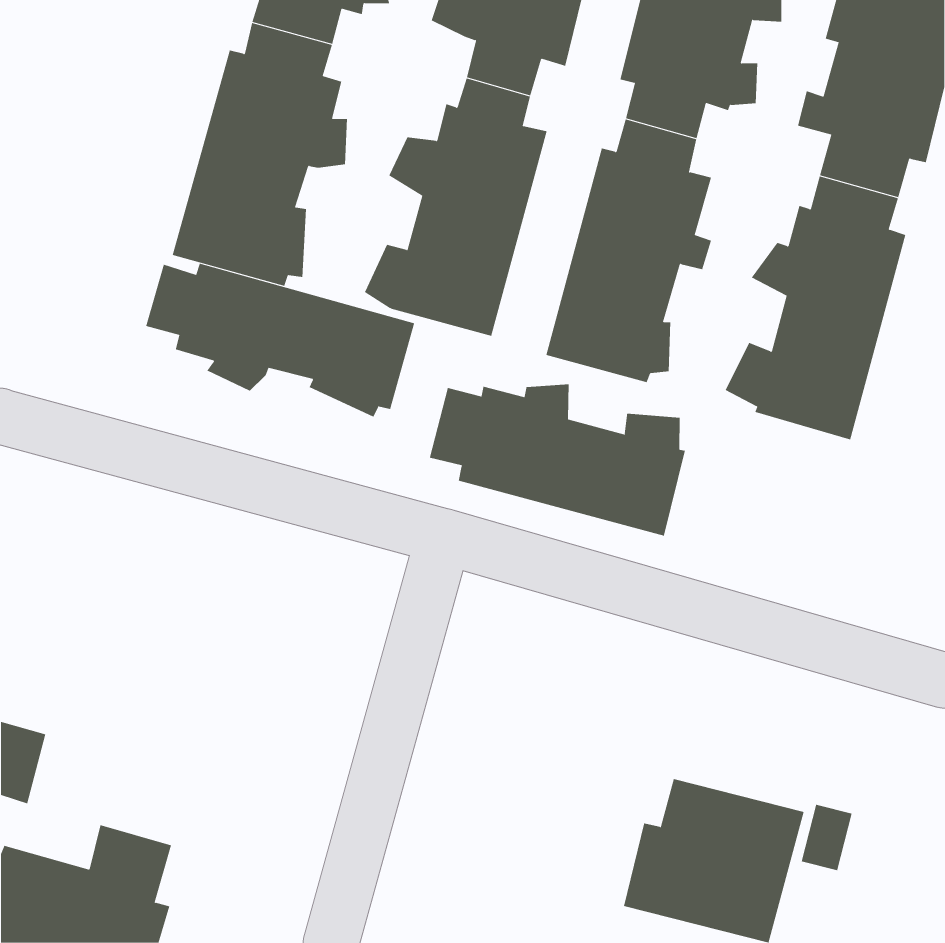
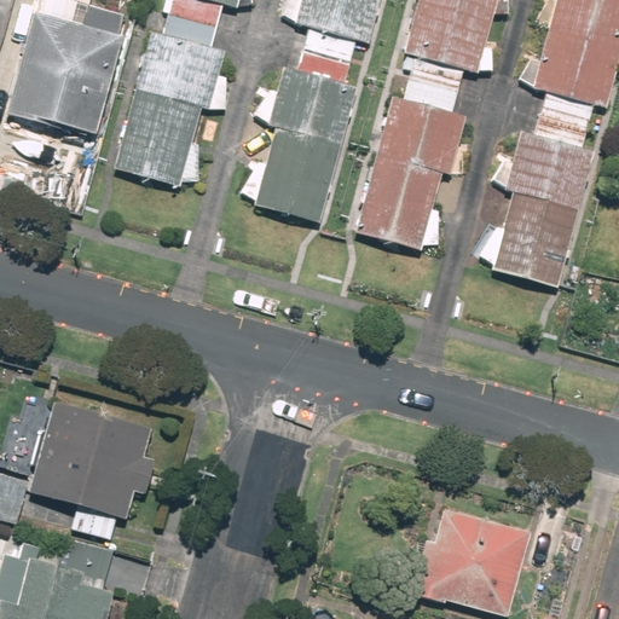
building: none -> [6,7,126,135]
building: [146,263,415,417] -> none
building: [429,383,686,536] -> none
building: none -> [33,401,152,538]

